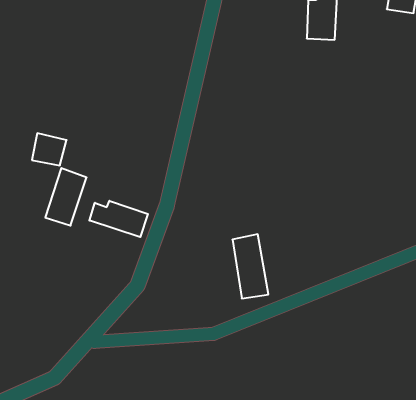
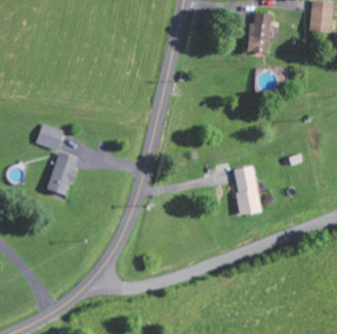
building: [89,201,148,237] -> none
building: [232,234,268,298] -> [233,166,260,215]

